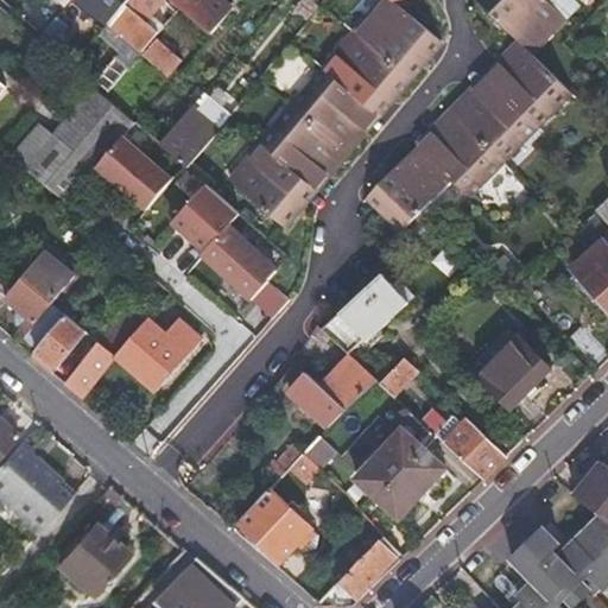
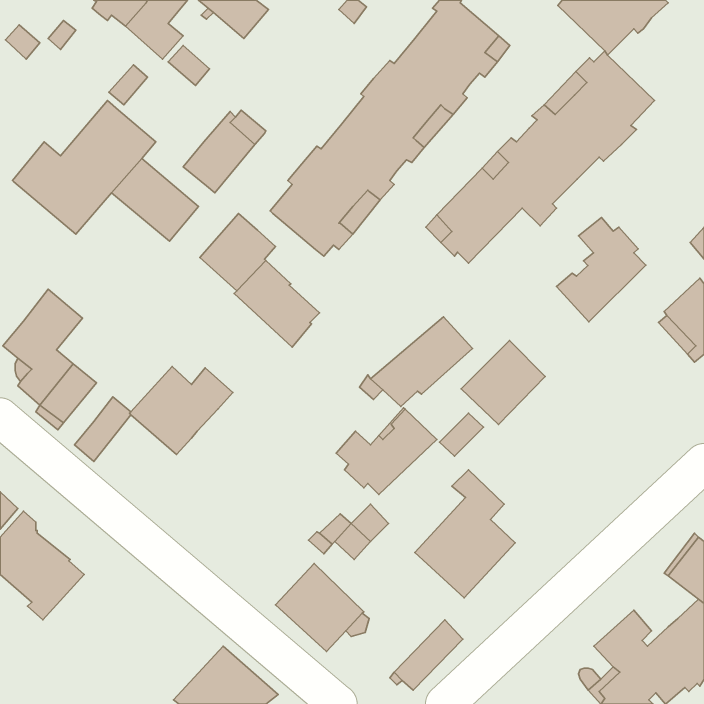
building: none -> [556,217,646,322]
building: [477,336,550,408] -> [461,341,545,425]
building: [443,416,507,479] -> none
building: [53,526,126,598] -> none

